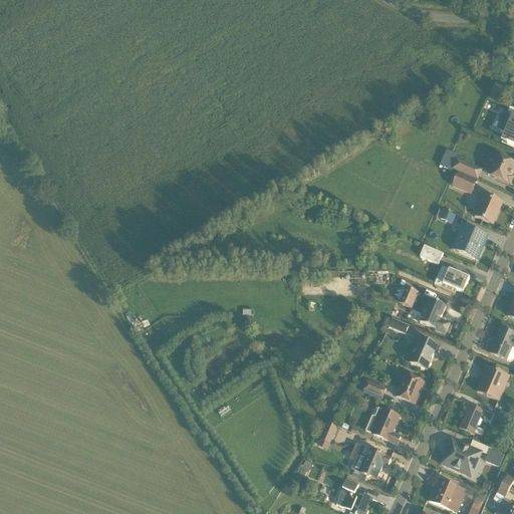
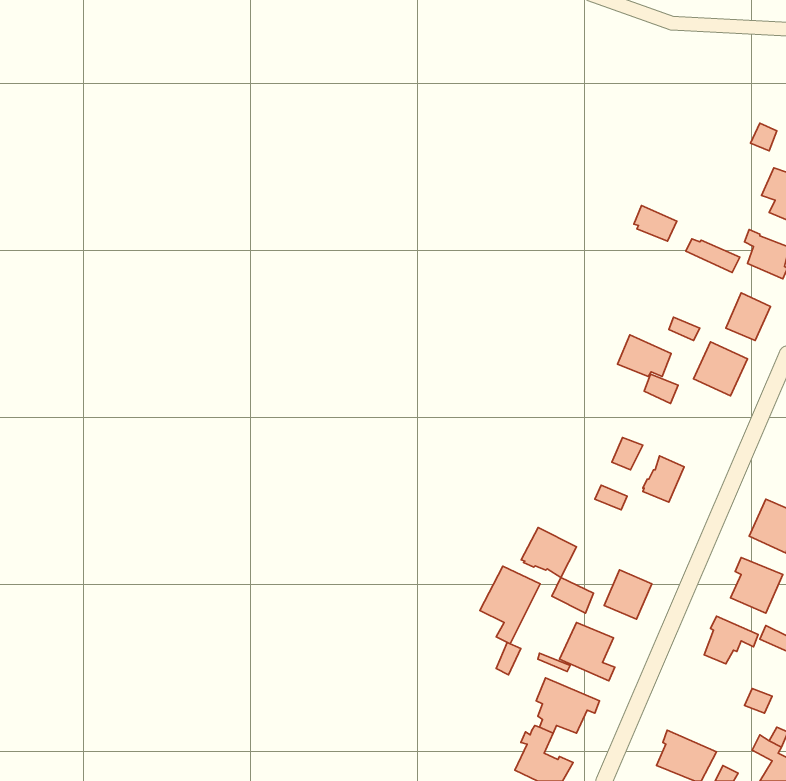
building: [450,169,478,192] -> [634,206,677,241]
building: [435,264,470,291] -> [617,335,671,376]
building: [406,334,440,368] -> none
building: none -> [521,528,576,578]
building: none -> [480,566,540,644]
building: [442,438,482,475] -> none

